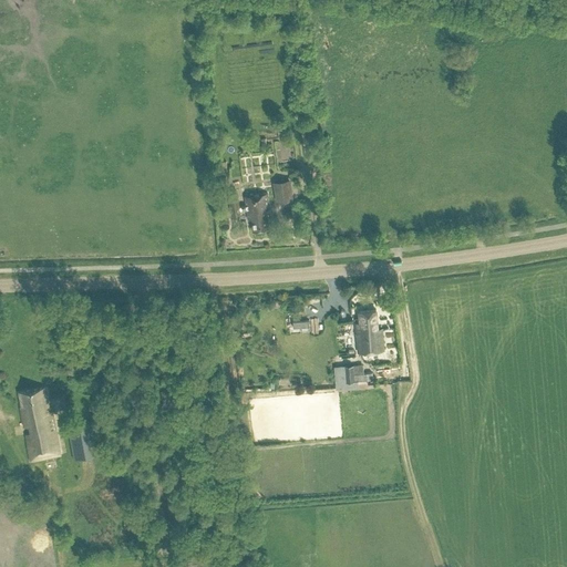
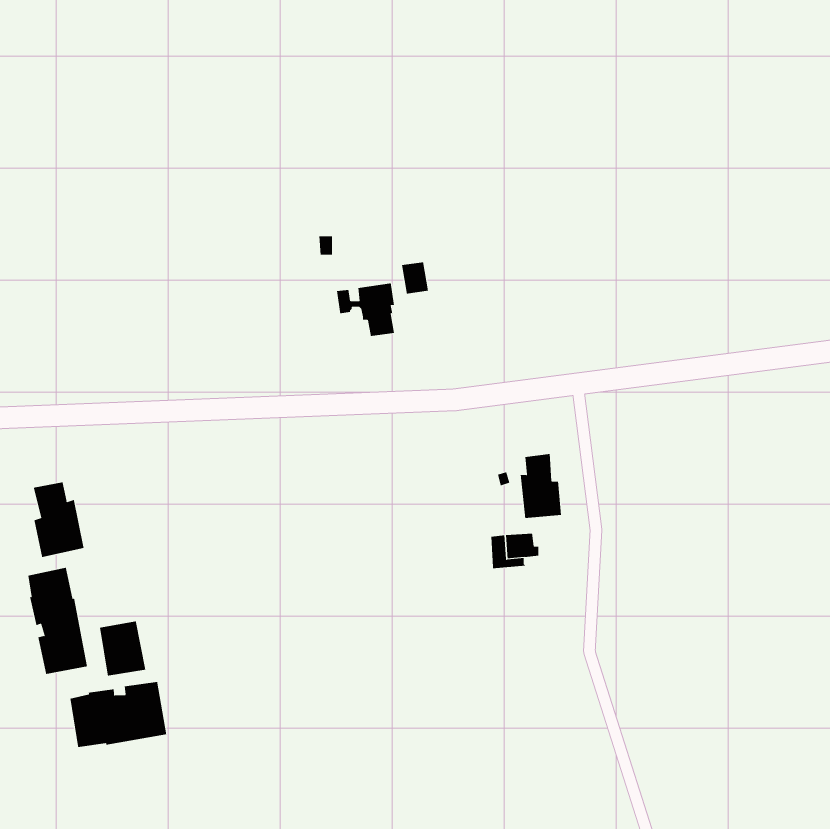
building: none -> [33,482,84,558]
building: none -> [70,681,167,748]

